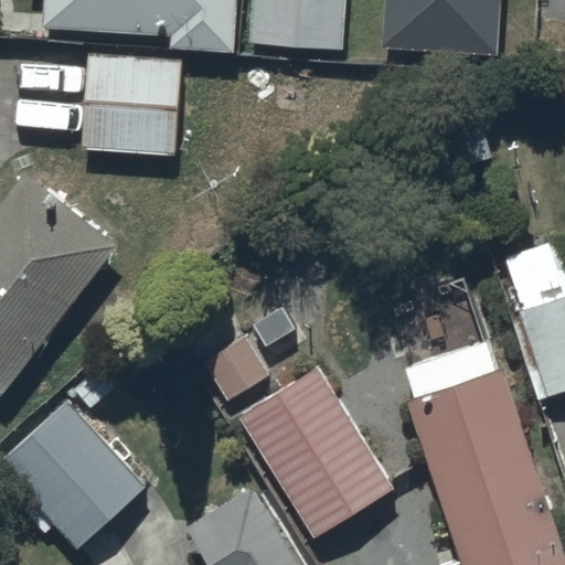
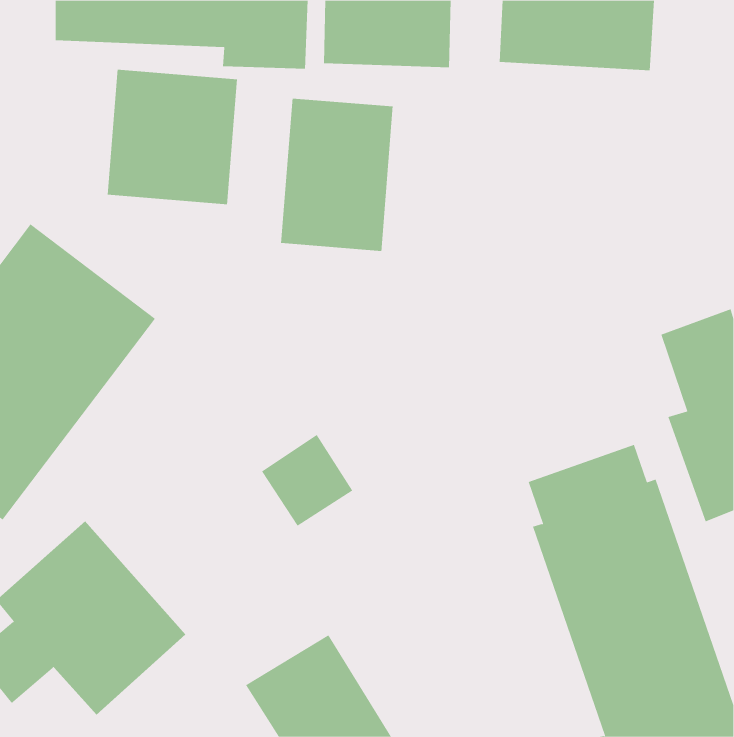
building: none -> [281,98,393,252]
building: [237,364,393,536] -> none

